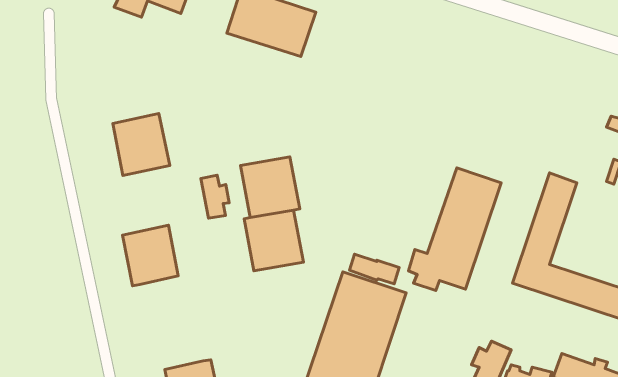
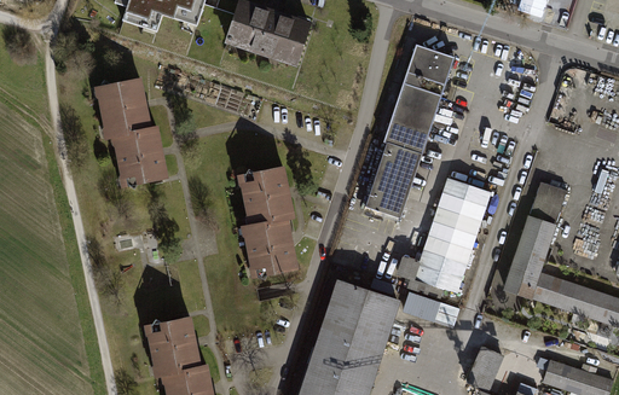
building: none -> [363,43,453,219]
building: none -> [96,75,151,135]
building: [201,175,229,218] -> none
building: [123,225,178,286] -> [146,316,201,376]
building: [350,254,399,284] -> [412,295,461,324]

